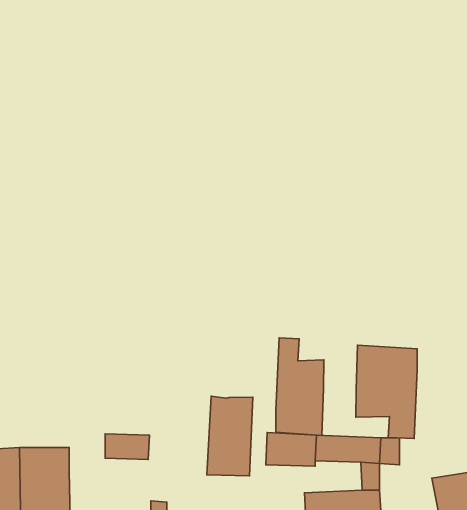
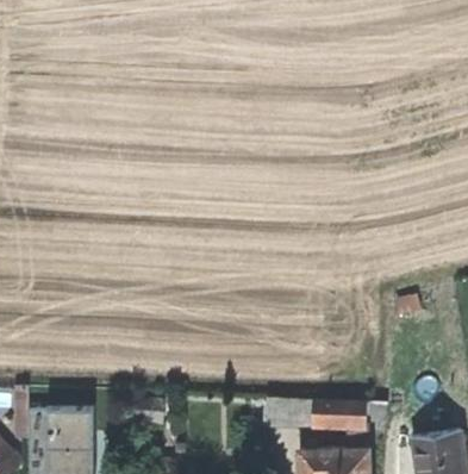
building: [276,338,324,436] -> none
building: [356,345,417,439] -> none
building: [207,396,253,476] -> none

